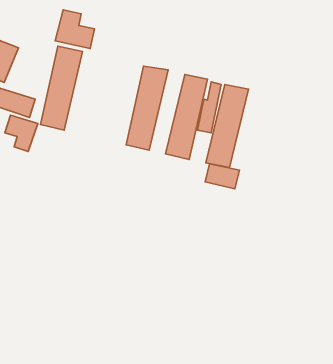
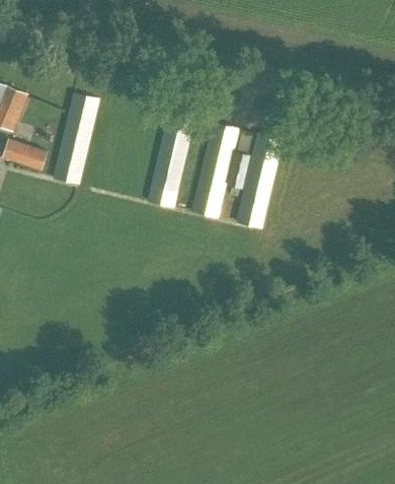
building: [55,10,94,48] -> none
building: [5,115,38,152] -> none
building: [205,164,239,189] -> none

